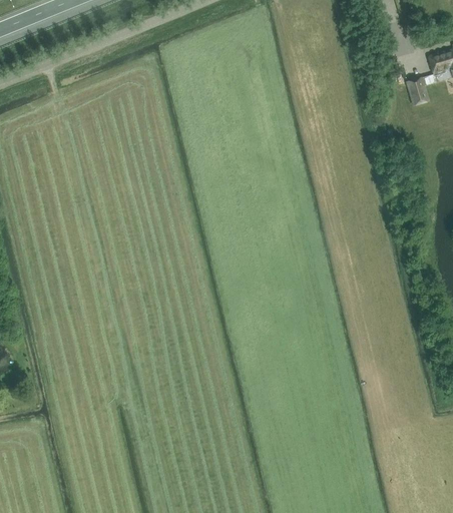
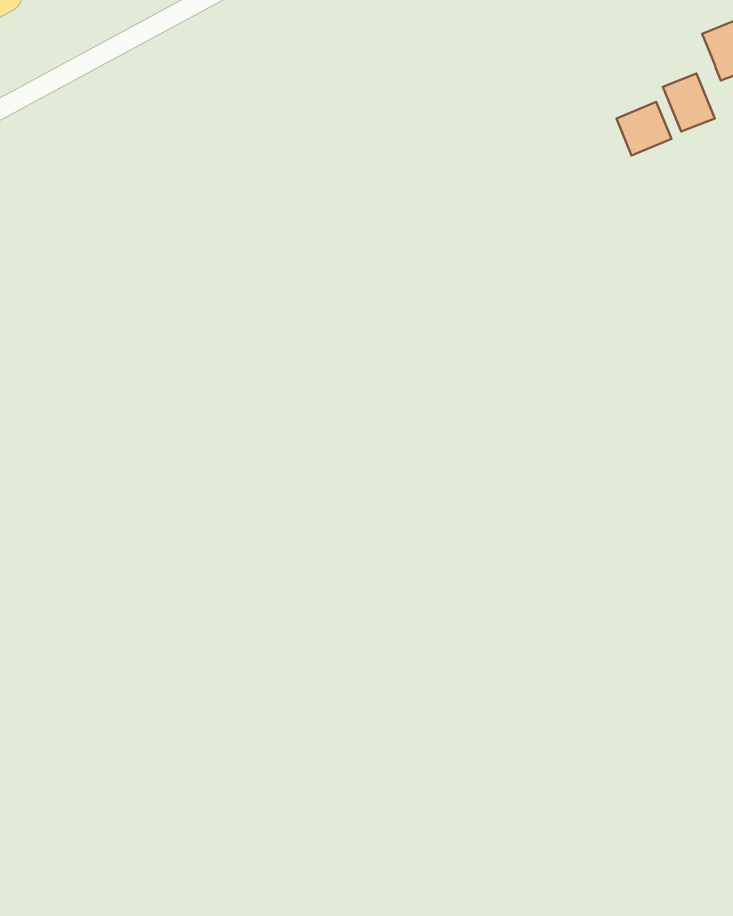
building: none -> [616,102,671,156]

